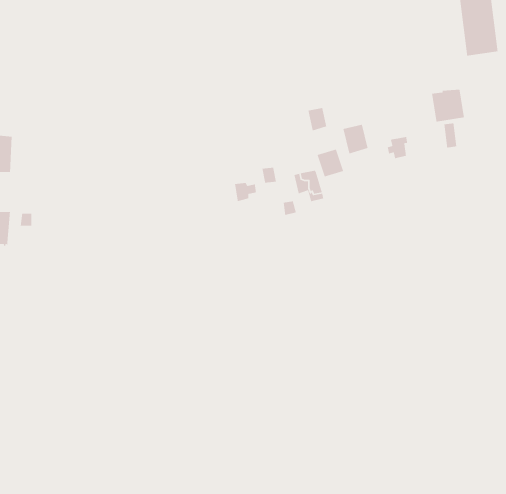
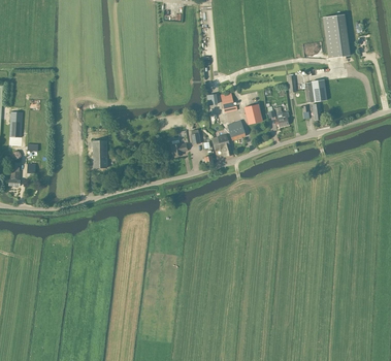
building: none -> [92,139,106,167]

